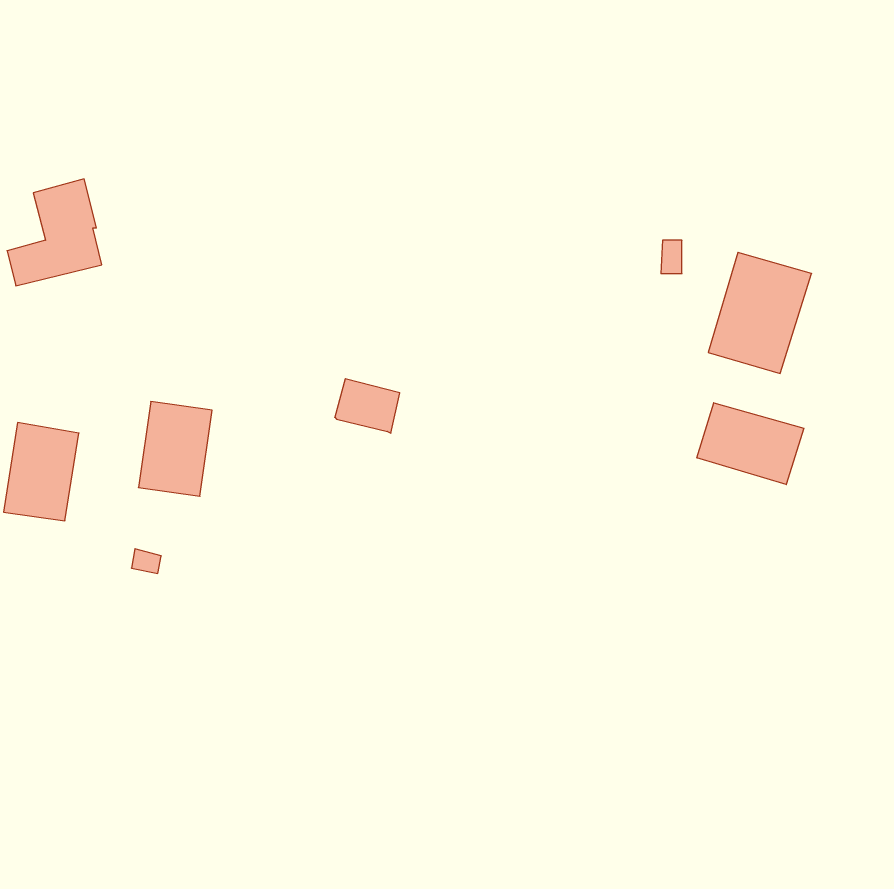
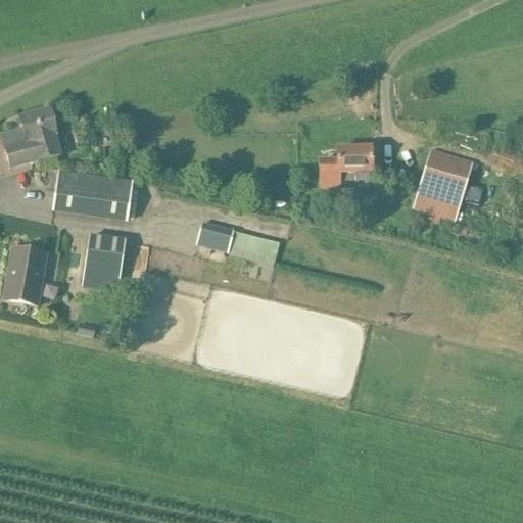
building: none -> [320,145,372,188]
building: none -> [53,169,133,219]
building: [697,403,804,485] -> none

